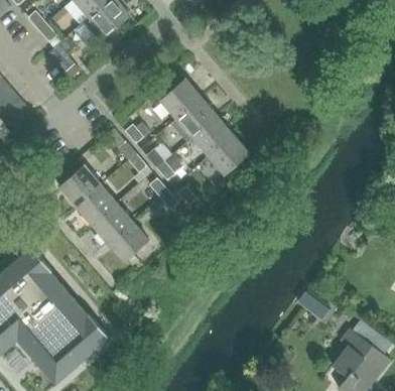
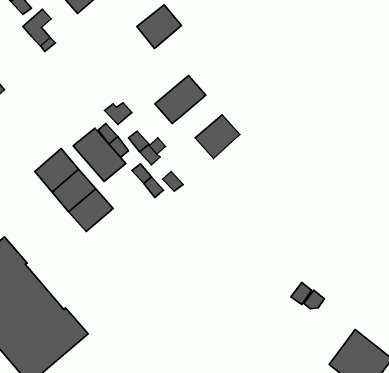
building: [160,80,202,120] -> [137,5,182,48]
building: [192,117,233,156] -> none
building: none -> [73,128,126,181]
building: [107,222,148,262] -> none

